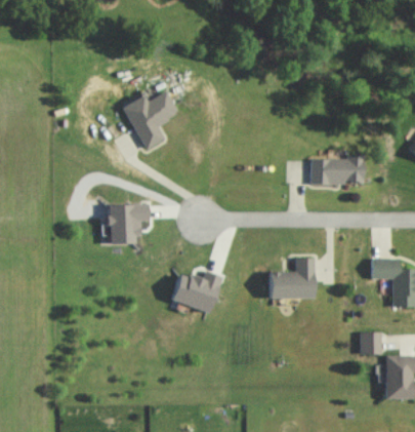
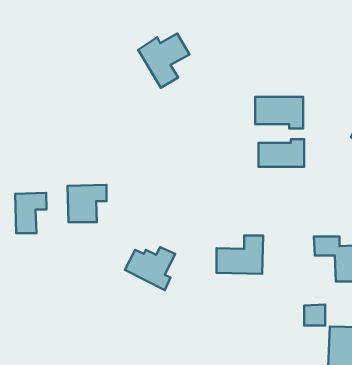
building: [123,90,178,149] -> [138,33,190,88]
building: none -> [255,97,303,129]
building: none -> [15,193,46,233]

